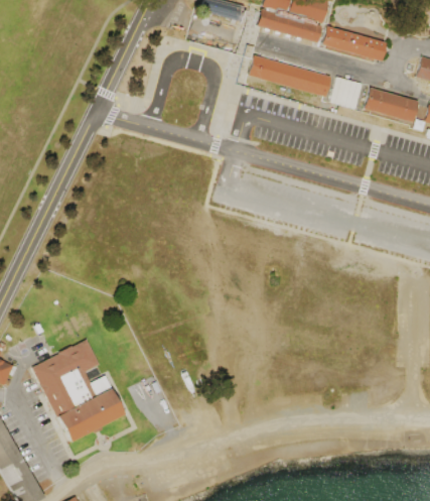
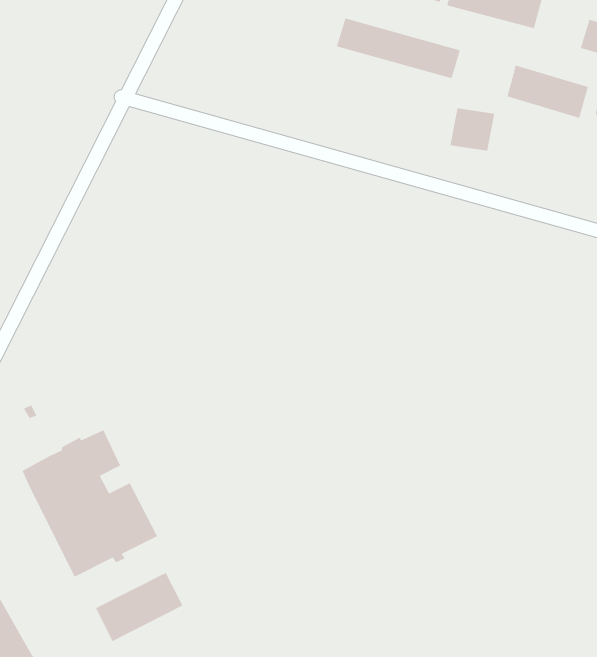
building: [329,76,361,106] -> [450,107,495,152]
building: none -> [95,572,184,642]

